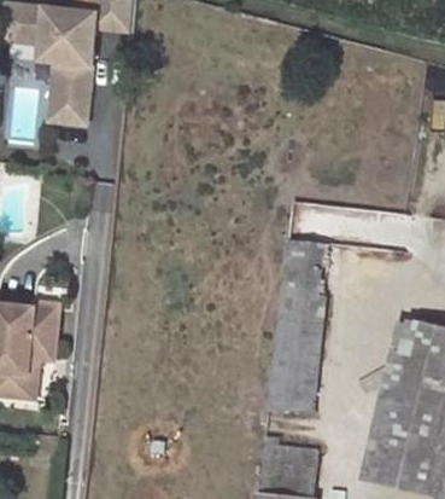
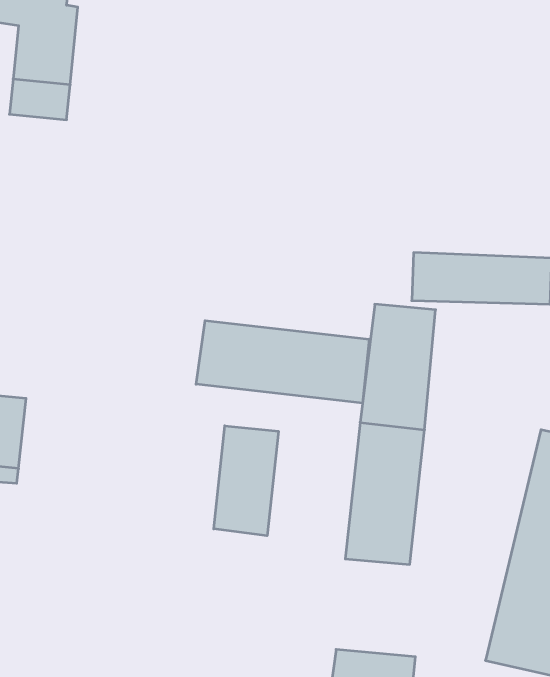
building: none -> [196,321,369,403]
building: none -> [214,426,278,536]
building: [262,441,315,475] -> none

